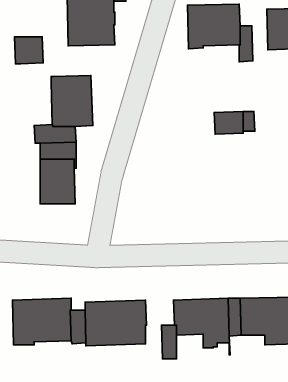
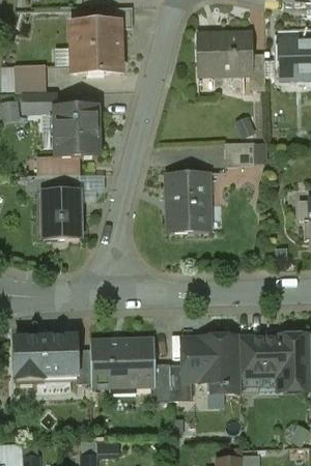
building: none -> [22,91,56,113]
building: none -> [166,172,208,231]
building: none -> [152,365,170,401]

